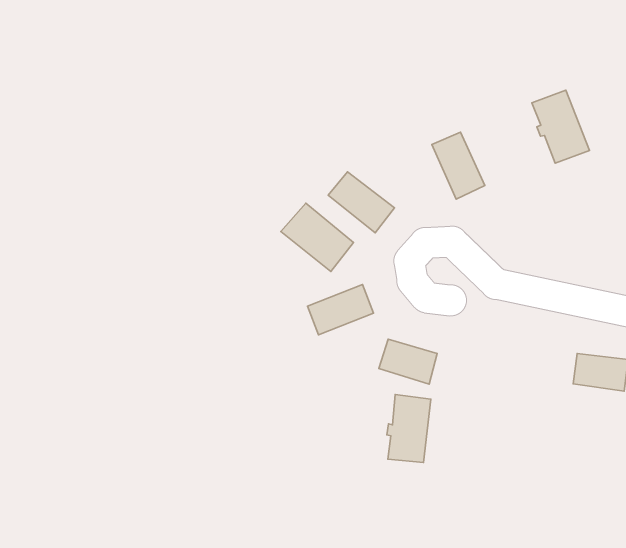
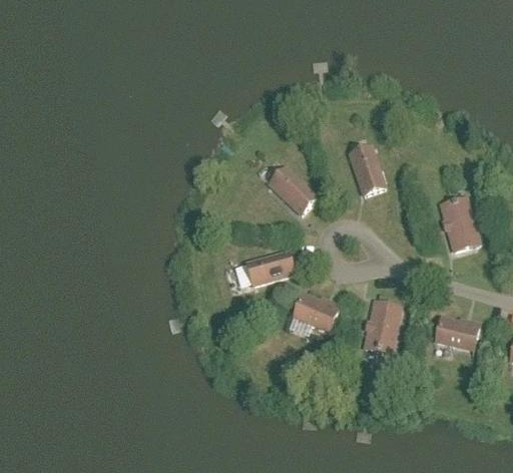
building: [532,90,589,163] -> [440,197,479,251]
building: [281,203,353,271] -> none
building: [387,395,431,463] -> [364,301,400,353]

